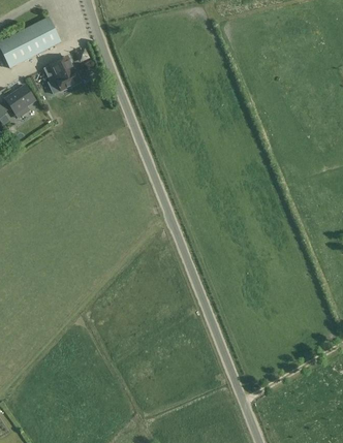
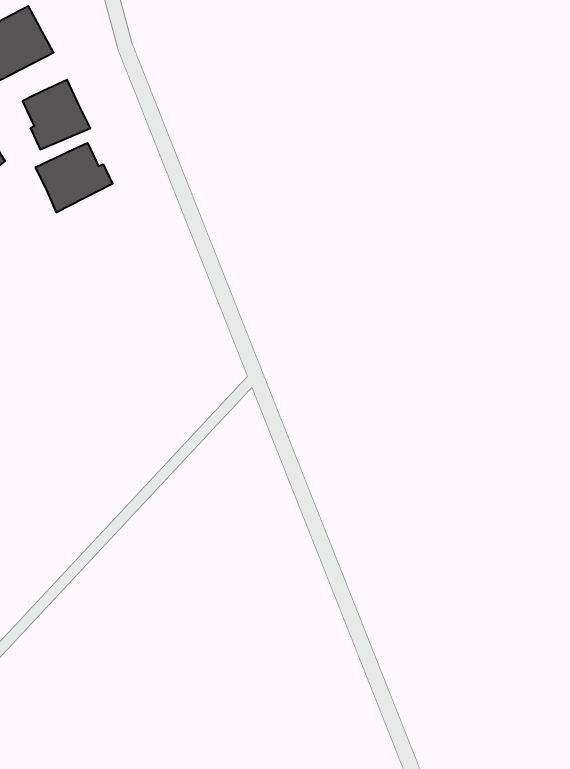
building: none -> [36,143,113,212]

